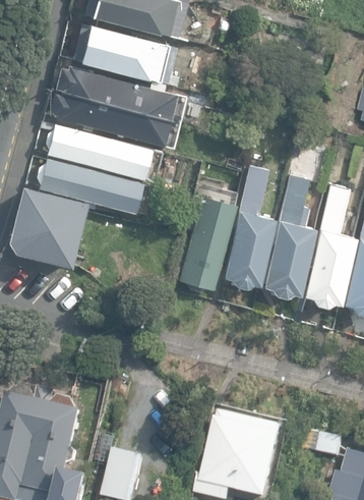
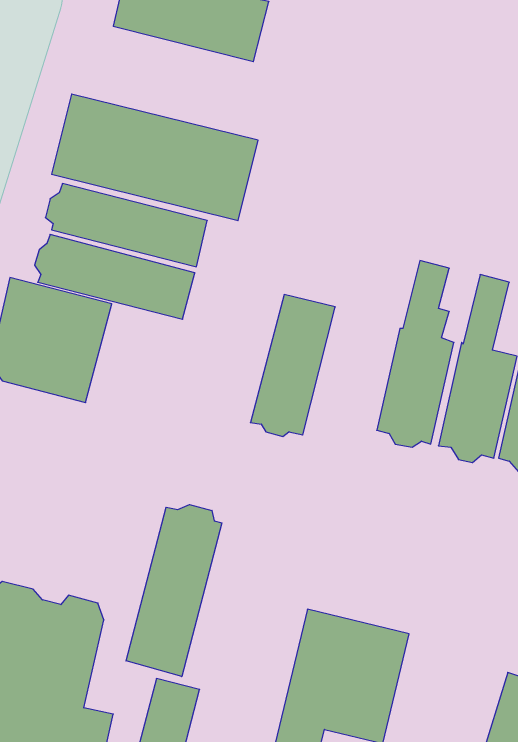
building: [78,25,181,89] -> none
building: [222,165,274,288] -> none
building: none -> [126,505,222,677]

